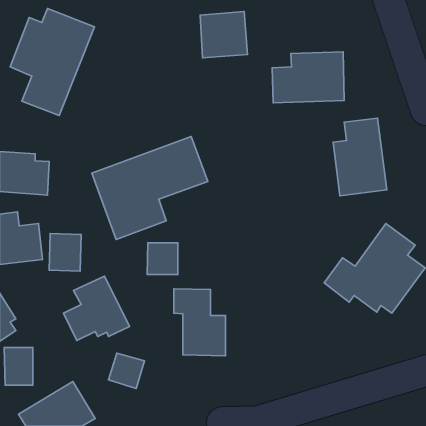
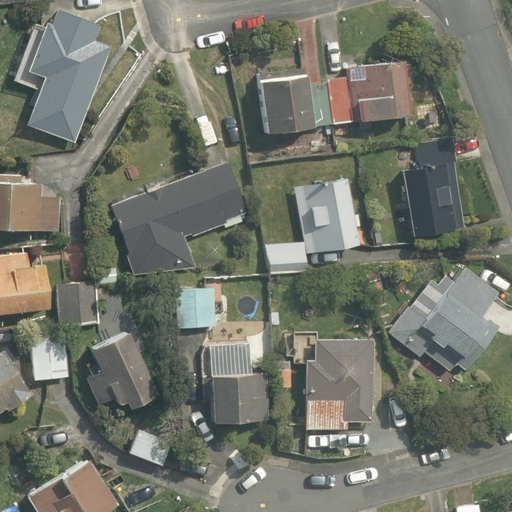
building: [200,12,248,58] -> [261,70,318,125]
building: none -> [261,176,364,267]
building: none -> [302,340,374,430]
building: [4,347,33,385] -> [33,334,67,379]

